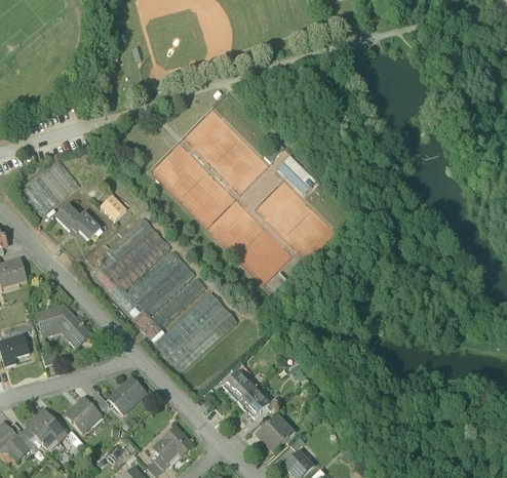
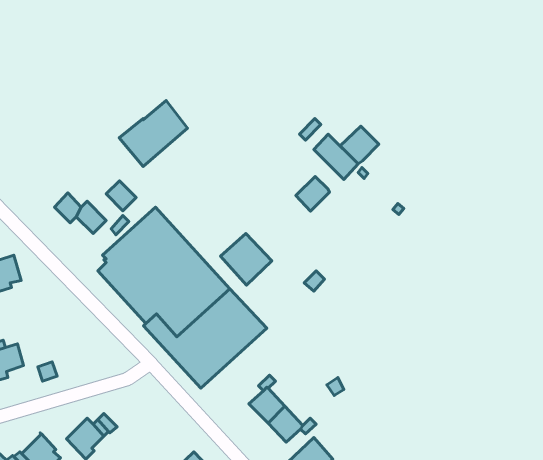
building: none -> [340,126,379,164]
building: [20,159,78,215] -> [119,101,188,167]
building: none -> [296,177,330,211]
building: none -> [221,233,272,285]
building: [36,305,89,347] -> none
building: [108,376,146,410] -> none

